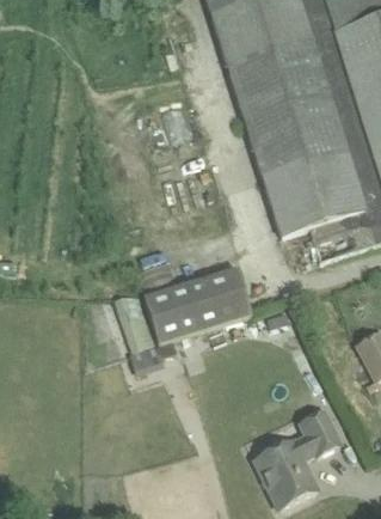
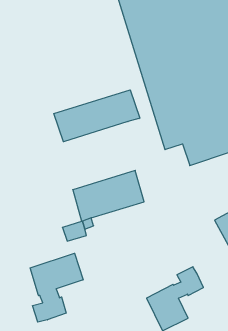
building: none -> [54,90,140,142]
building: none -> [30,253,83,322]

